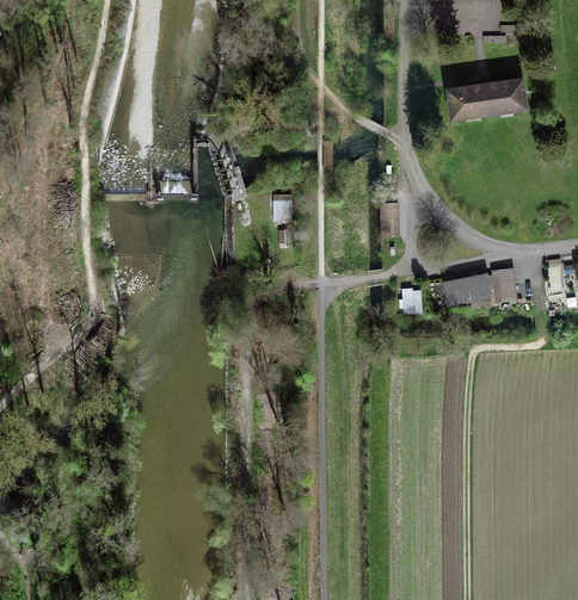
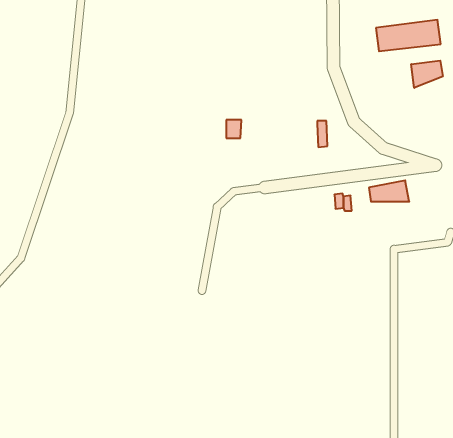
building: none -> [411,61,443,88]
building: [492,268,514,298] -> none

